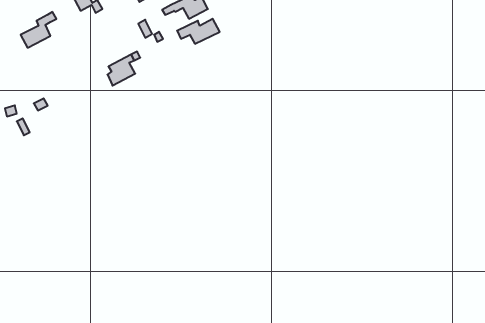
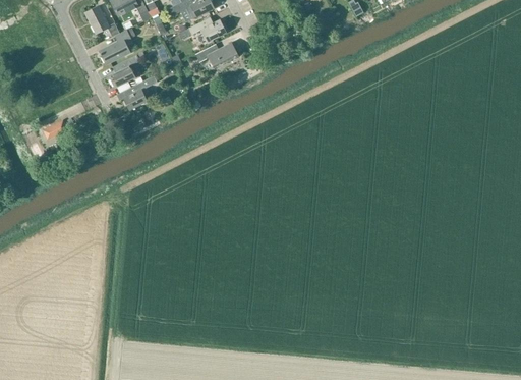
building: [21,12,56,48] -> [99,28,135,64]
building: none -> [111,55,139,87]

